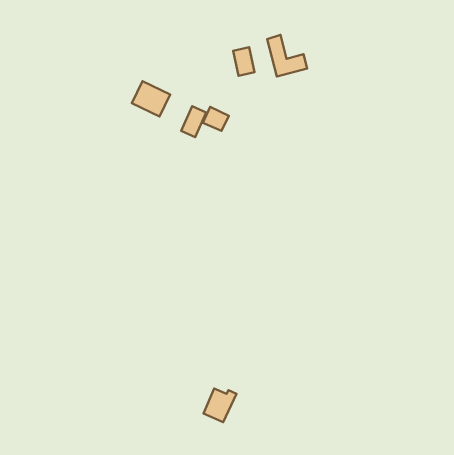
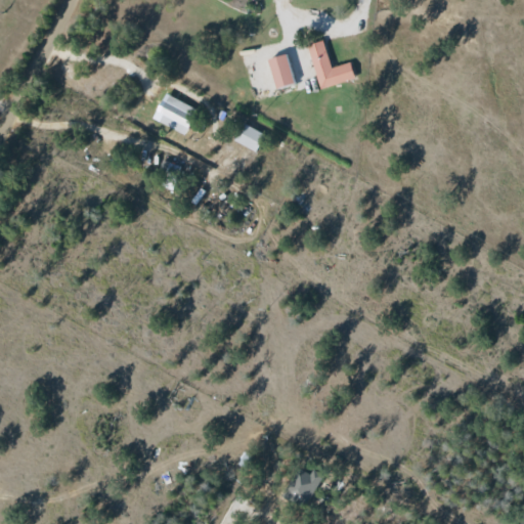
building: [181,106,206,137] -> none
building: [203,388,236,422] -> [285,468,322,507]

